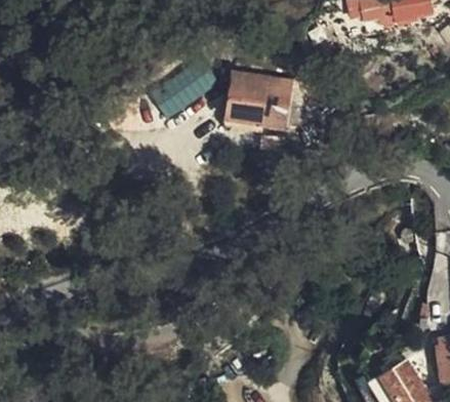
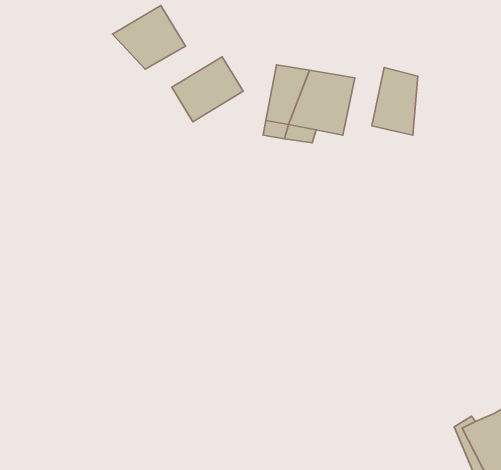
building: none -> [112,6,186,69]
building: none -> [372,67,418,135]

